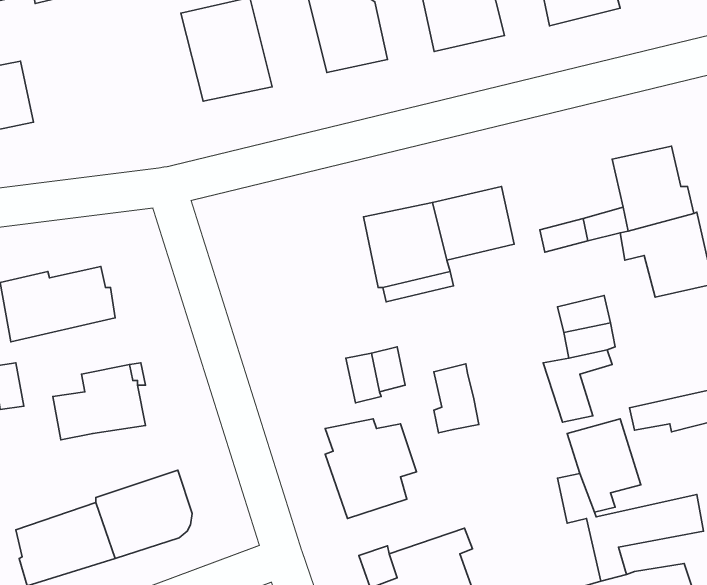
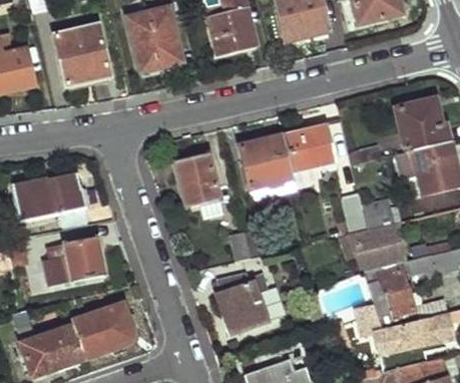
building: none -> [54,25,111,85]
building: none -> [174,151,220,206]
building: [434,364,479,433] -> [341,195,369,238]

